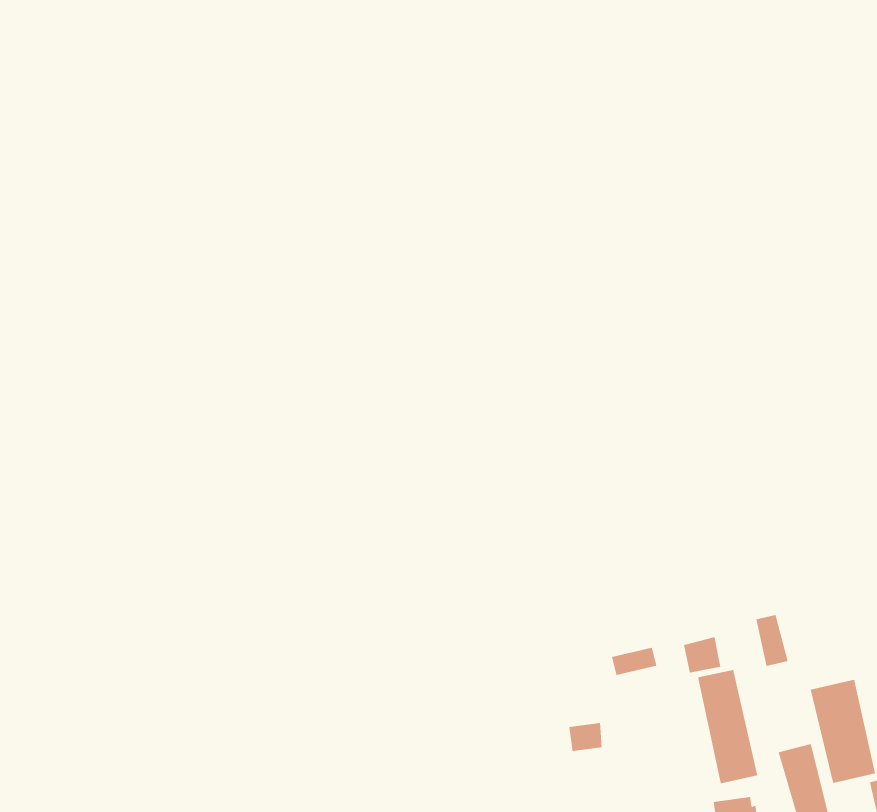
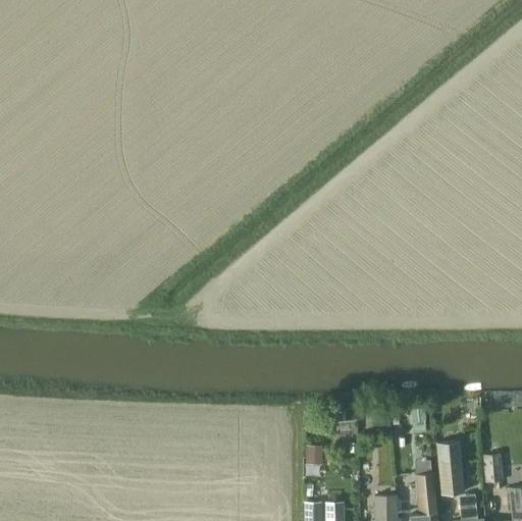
building: [698,669,758,784] -> none

